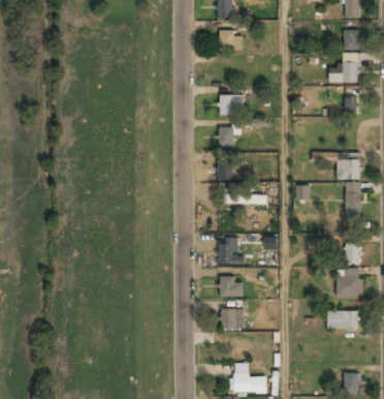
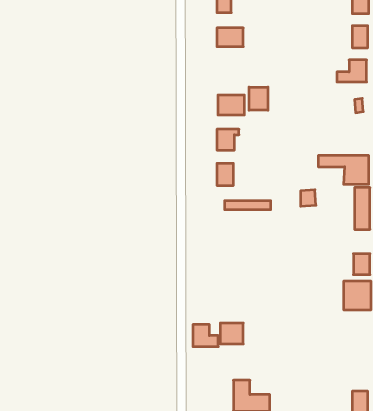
building: none -> [249,87,268,110]
building: [219,239,239,265] -> none
building: [219,276,243,297] -> [193,325,218,347]
building: [327,311,359,329] -> none

